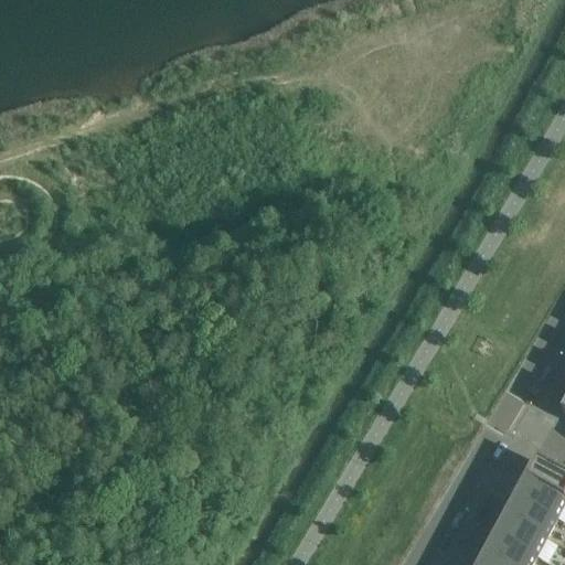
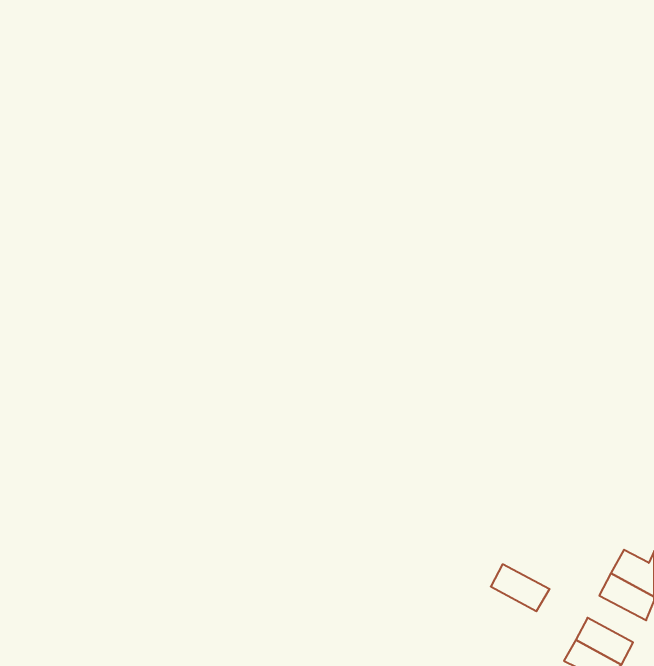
building: [497,504,546,544] -> [491,564,550,611]

